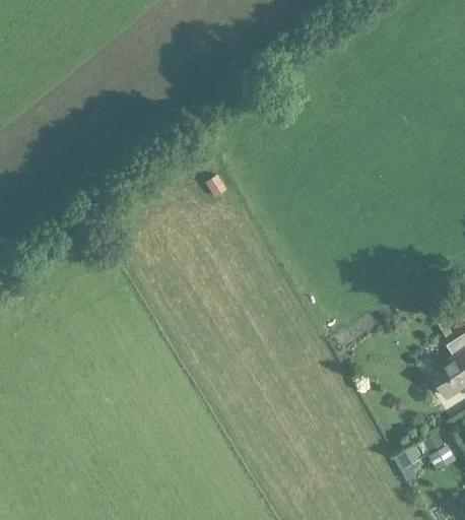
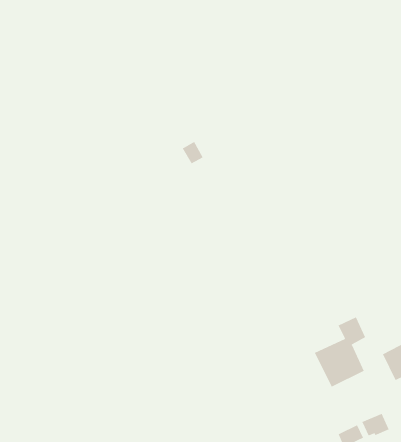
building: none -> [314,316,366,387]

